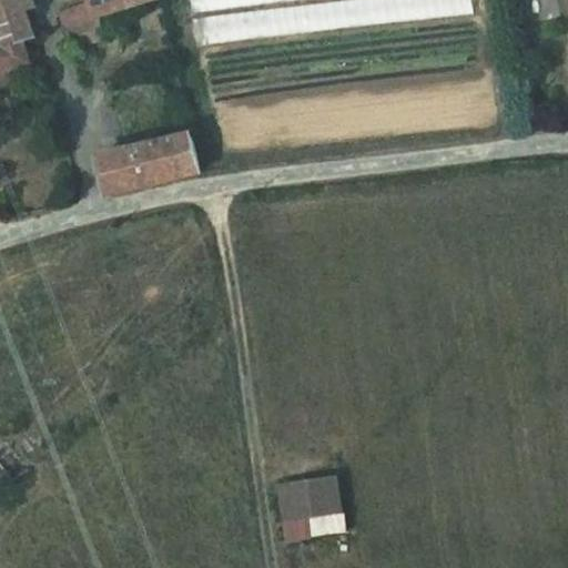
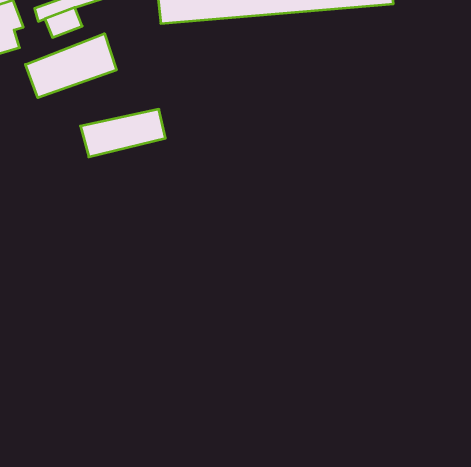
building: none -> [25,34,116,98]
building: [282,473,346,537] -> none

